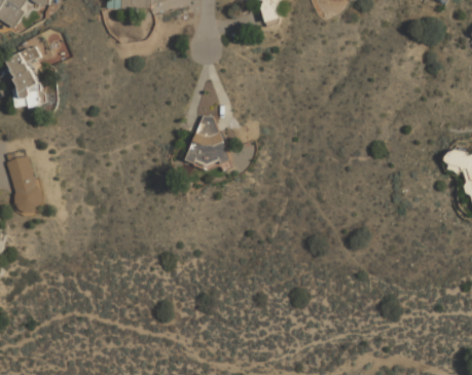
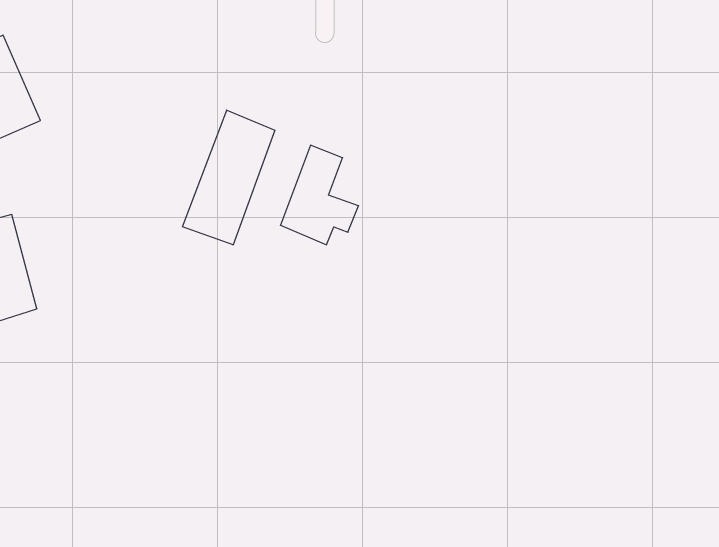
building: none -> [183,110,275,245]

